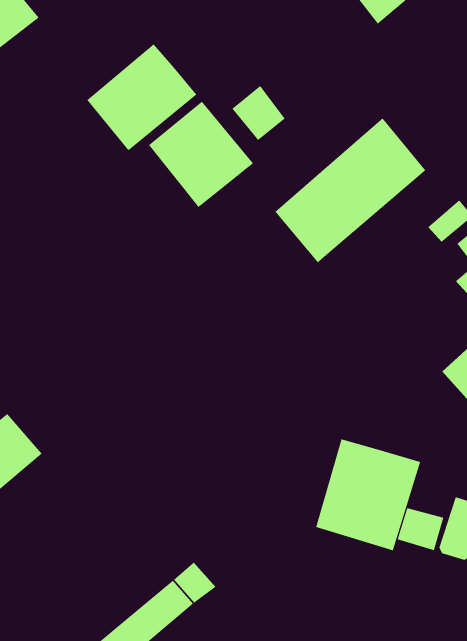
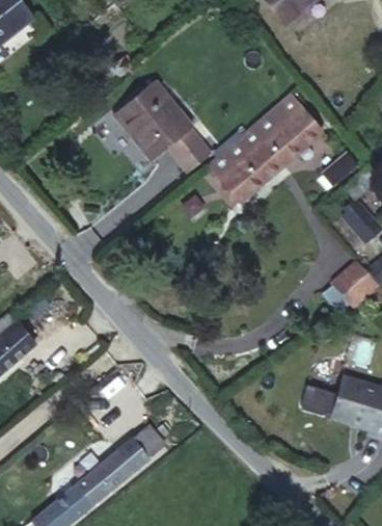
building: [86,43,197,151] -> none
building: [231,85,286,141] -> [171,127,212,168]
building: [315,438,421,551] -> none

